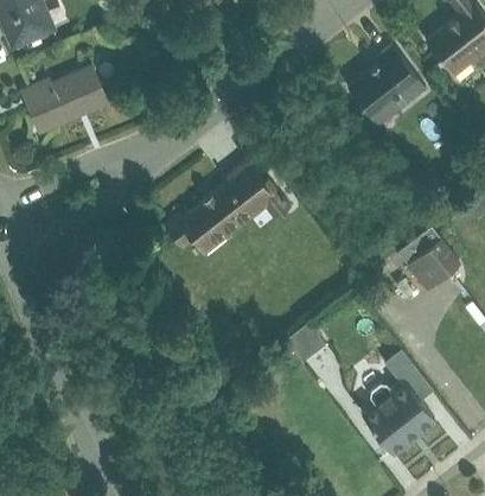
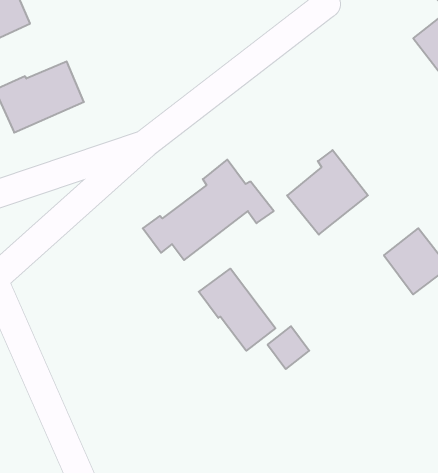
building: [349,45,427,127] -> [287,150,368,235]
building: none -> [199,269,275,351]
building: [362,349,435,453] -> none

